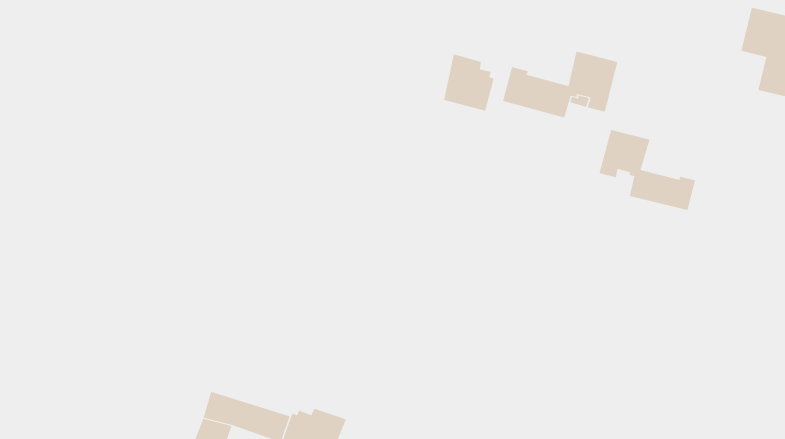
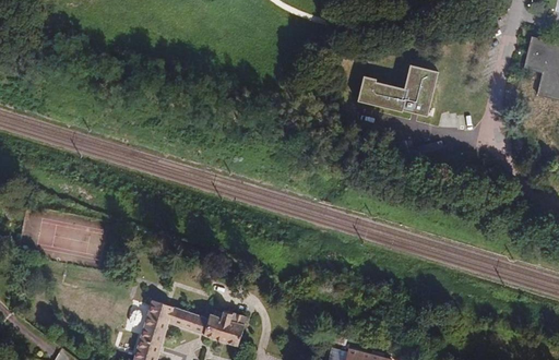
building: [444,53,494,111] -> none
building: [599,129,695,211] -> none

